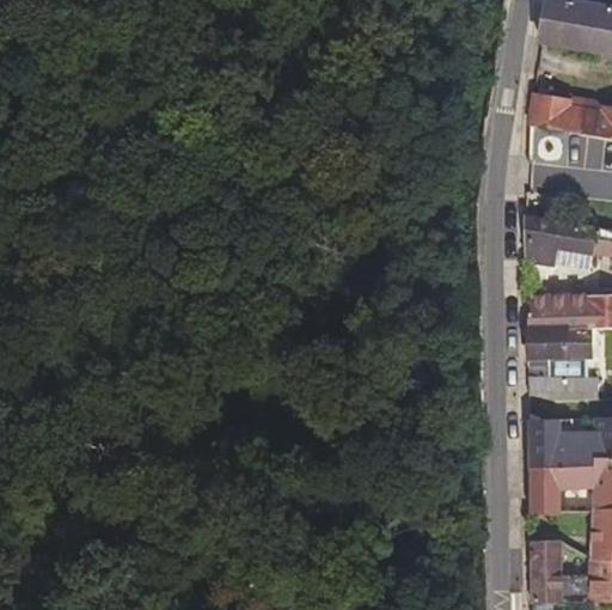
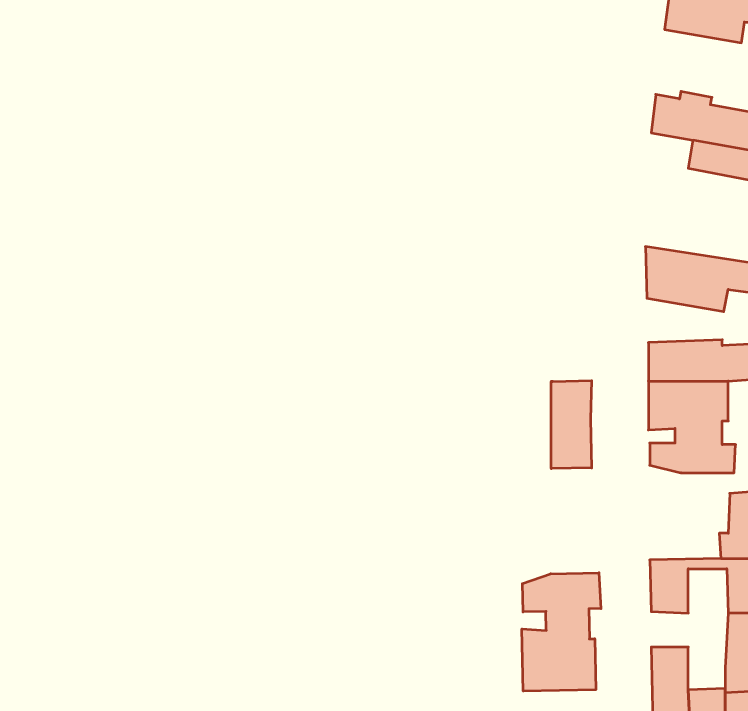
building: none -> [551,381,592,469]
building: [530,419,587,470] -> none
building: none -> [522,573,601,691]

